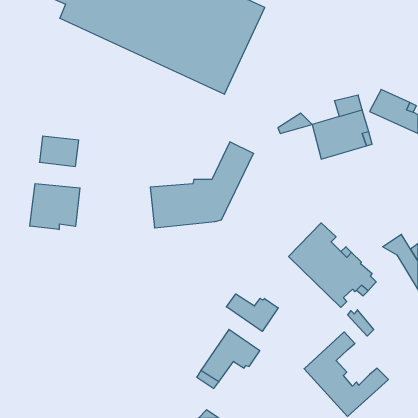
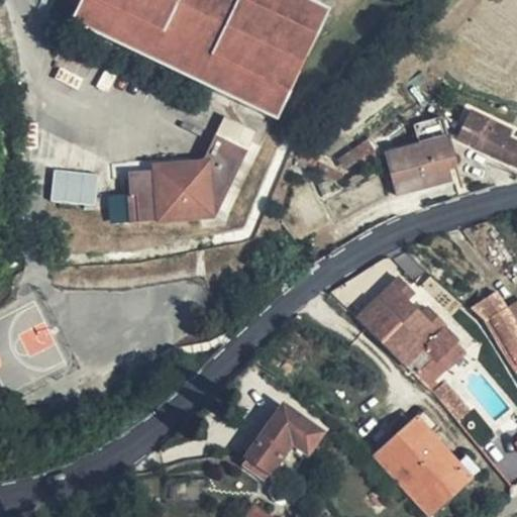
building: [150,142,254,228] -> [128,115,255,221]
building: [30,184,80,230] -> none
building: [226,294,278,331] -> none
building: none -> [414,431,455,476]

